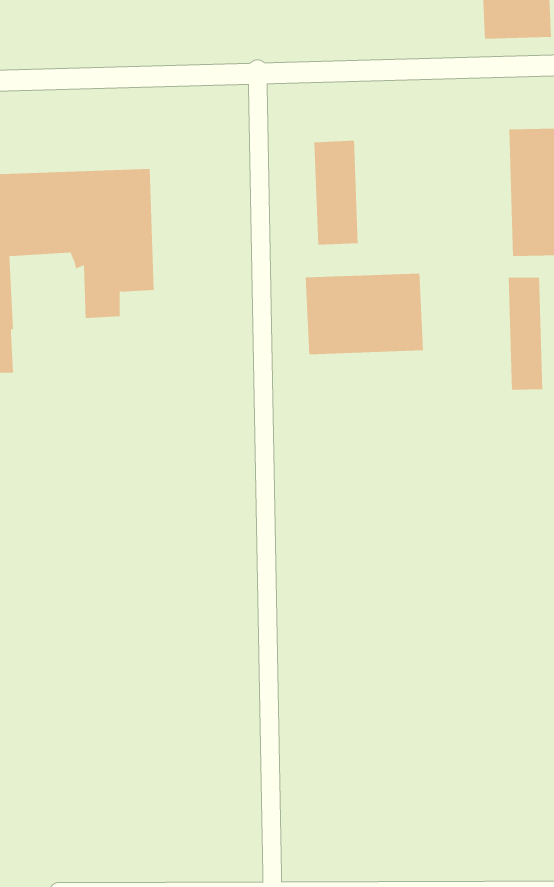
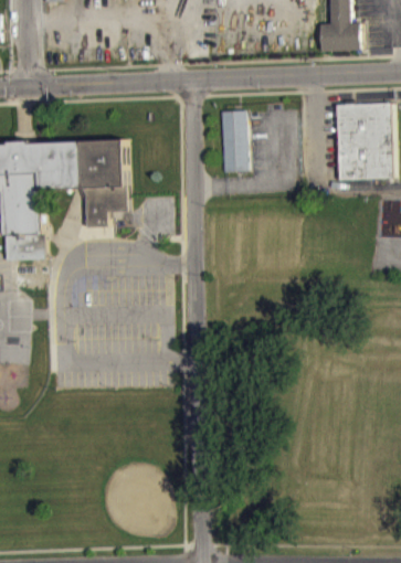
building: [305,273,423,355] -> none
building: [508,277,543,390] -> none

